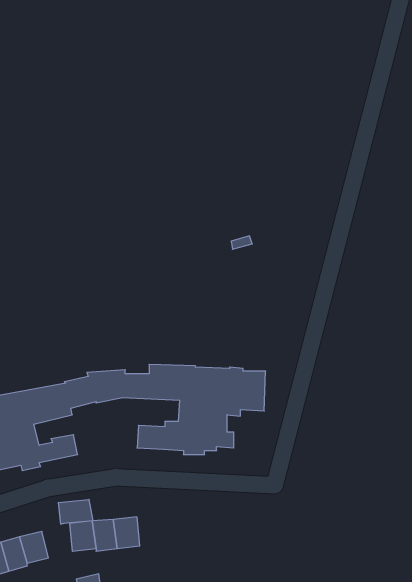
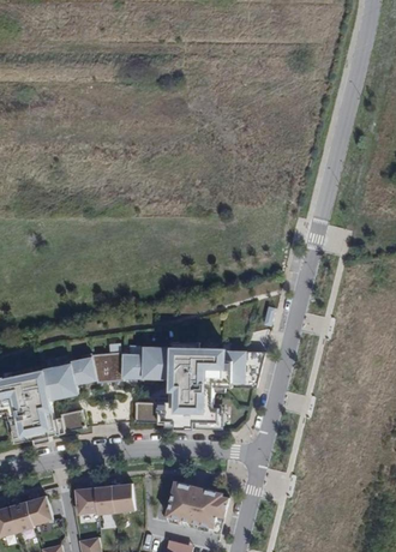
building: [58,499,93,524] -> none
building: none -> [164,480,230,534]

